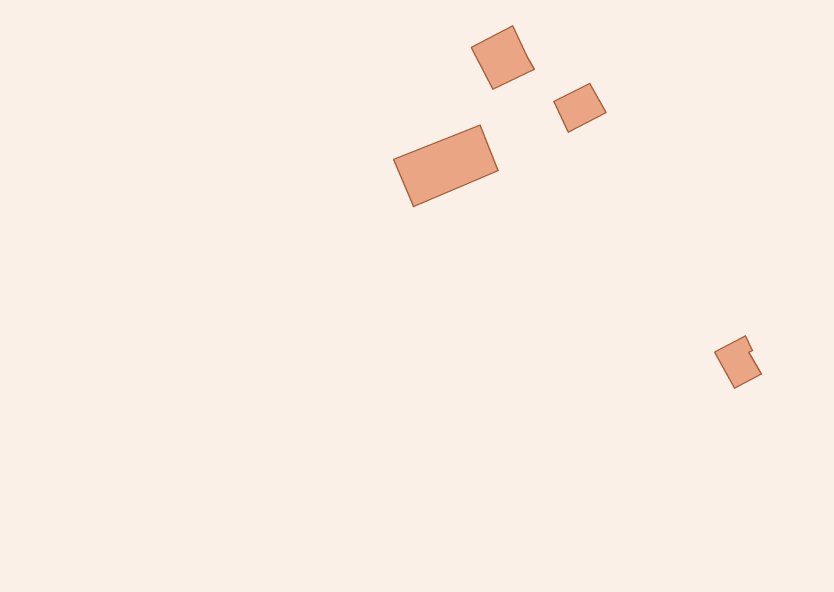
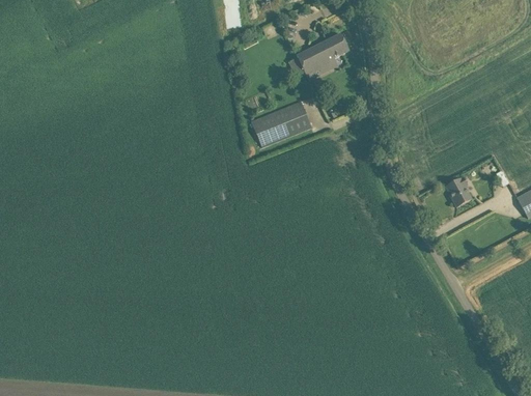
building: [554,83,606,132] -> [319,32,350,60]
building: [715,336,762,388] -> [445,175,472,205]

